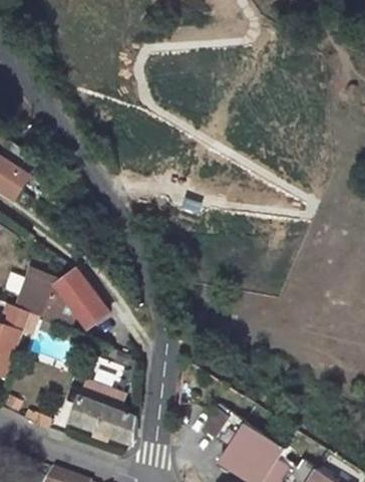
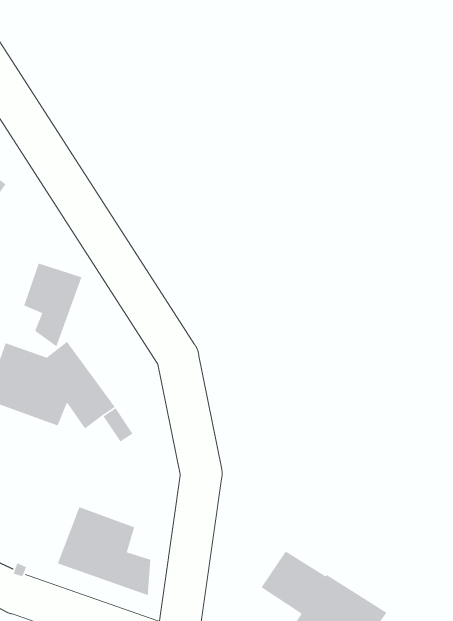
building: none -> [23,262,82,347]

